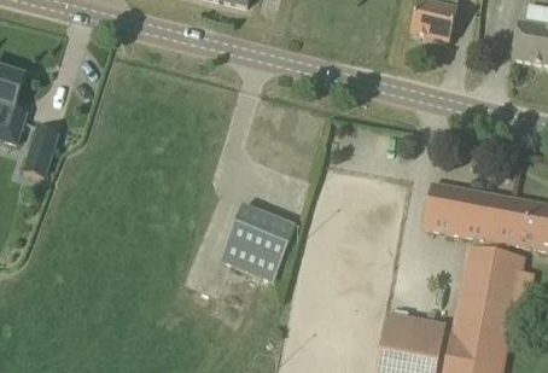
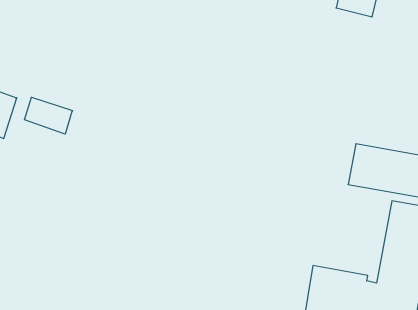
building: none -> [25,97,73,134]
building: [220,204,297,281] -> none

